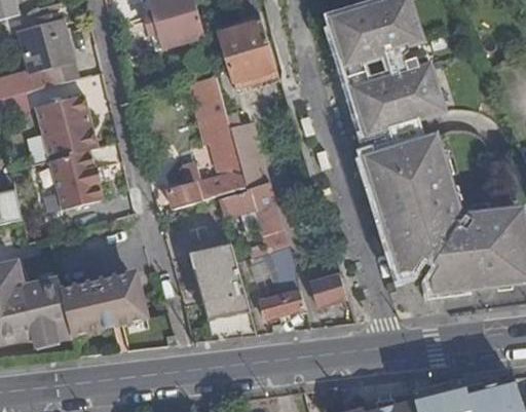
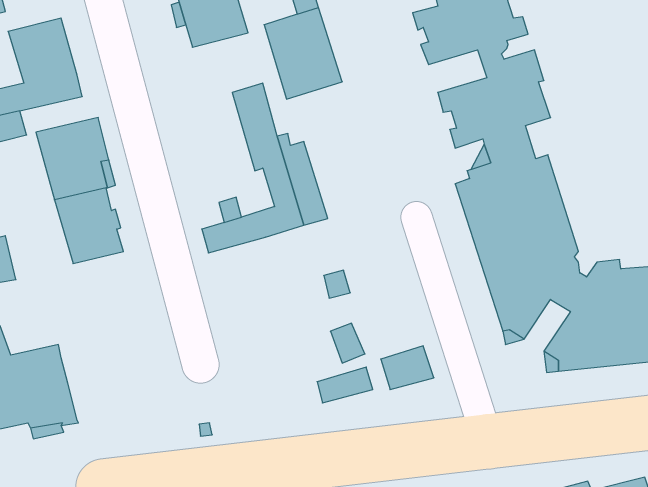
building: [216,176,273,218] -> none
building: [190,240,248,321] -> none
building: [58,270,146,332] -> none

